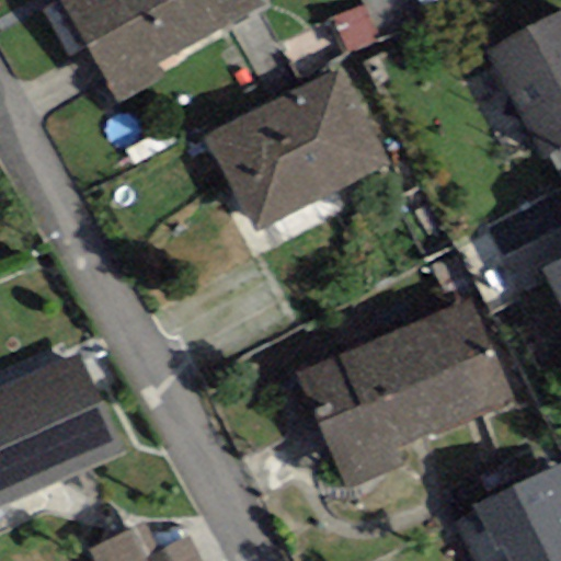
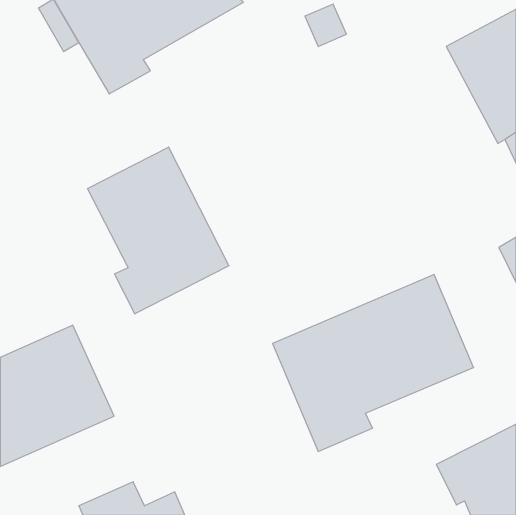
building: [203,69,387,232] -> none
building: none -> [88,147,229,314]

